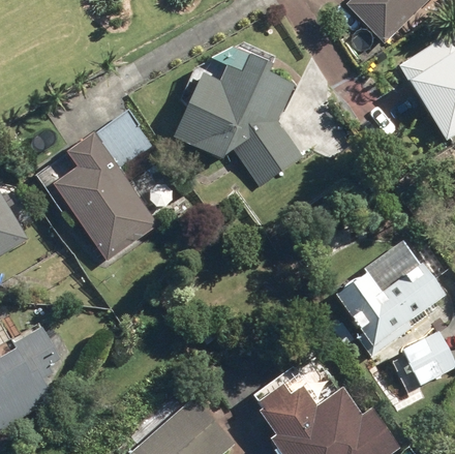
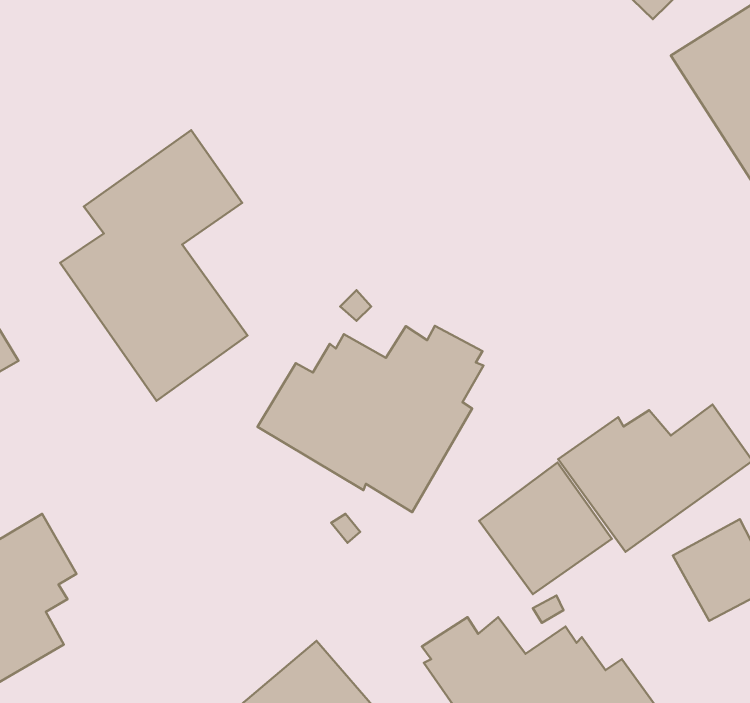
building: [172,53,303,187] -> none
building: none -> [257,326,483,512]
building: none -> [479,462,612,594]

